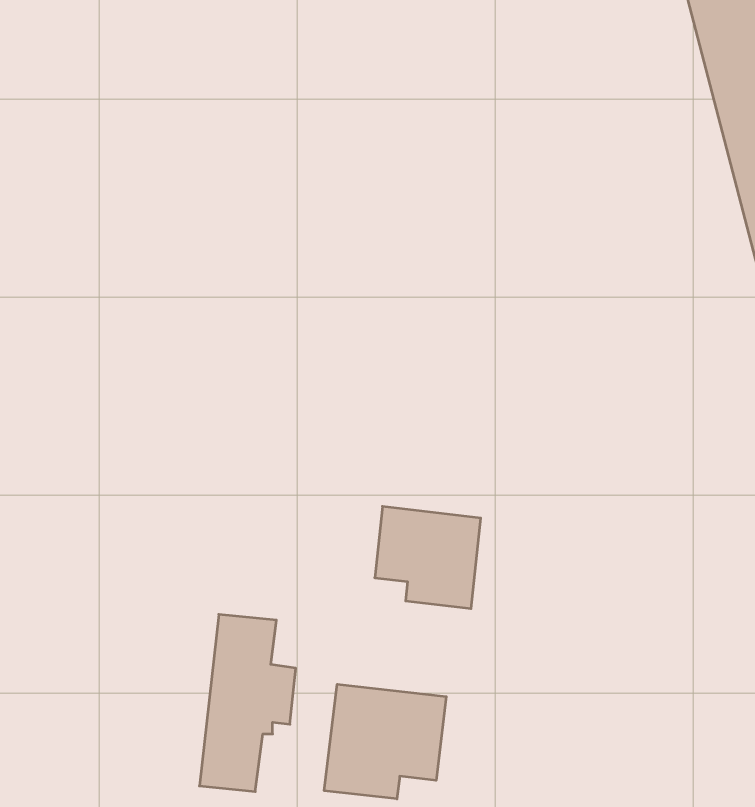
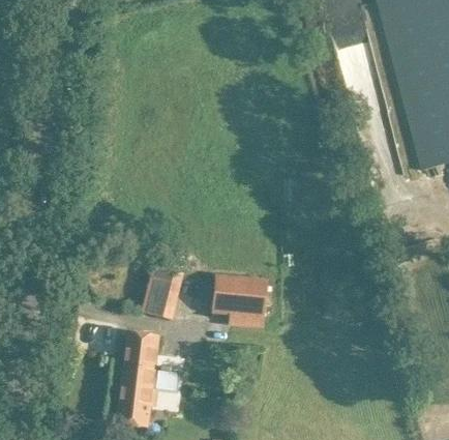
building: none -> [142,266,182,320]
building: [324,684,446,799] -> none

